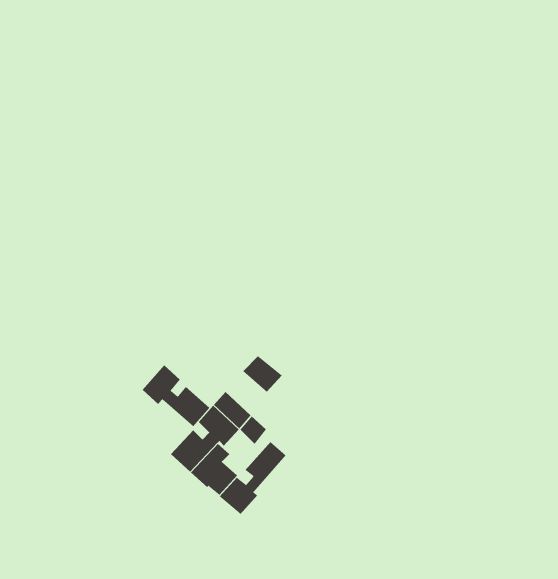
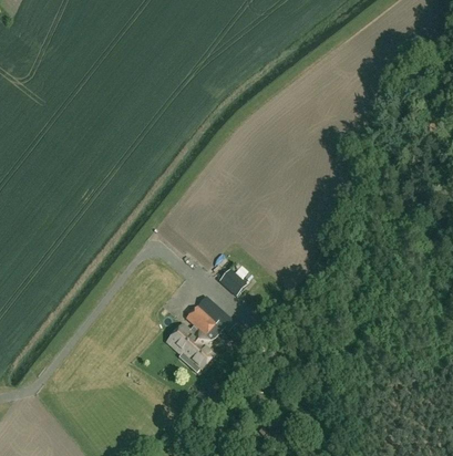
building: [142,364,210,427] -> none
building: [219,441,287,515] -> none

